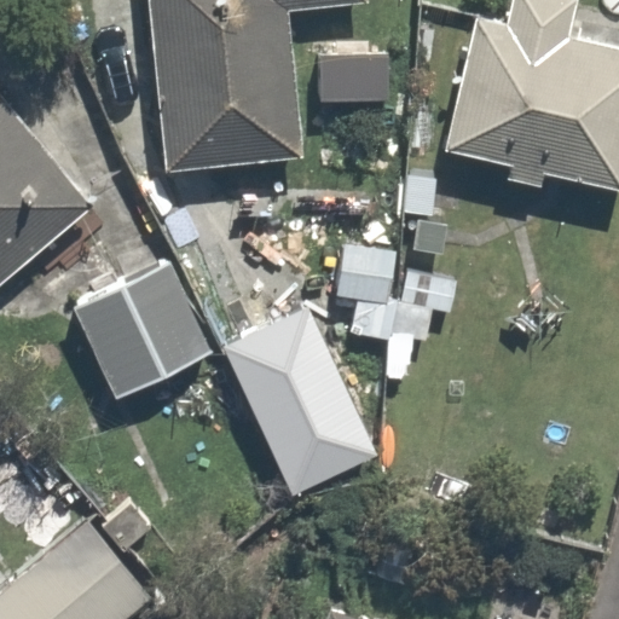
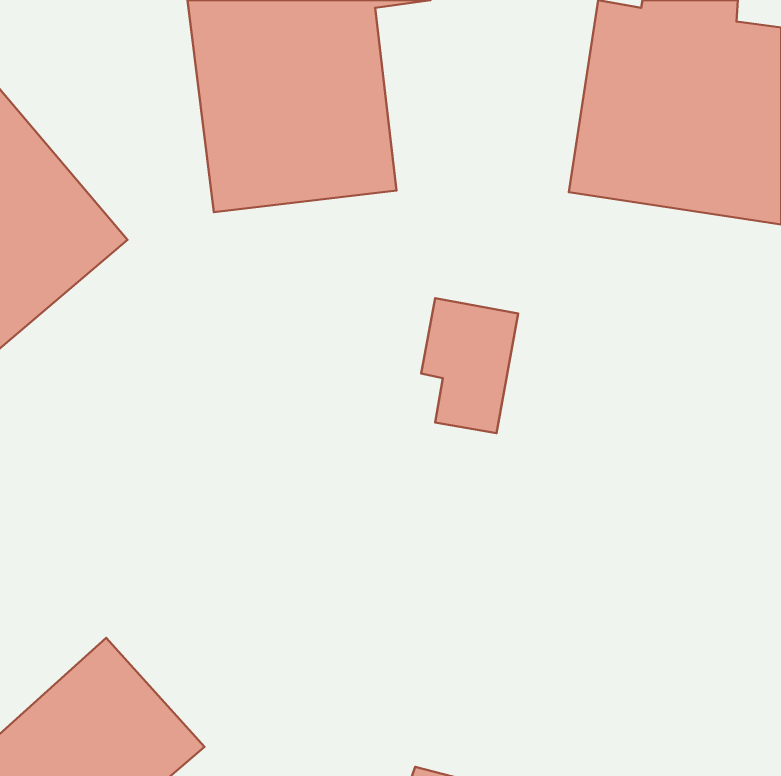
building: [70,255,219,401] -> none
building: [228,326,382,511] -> none

